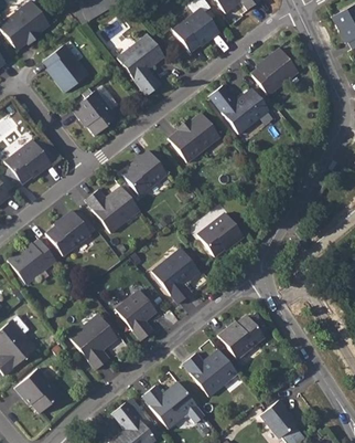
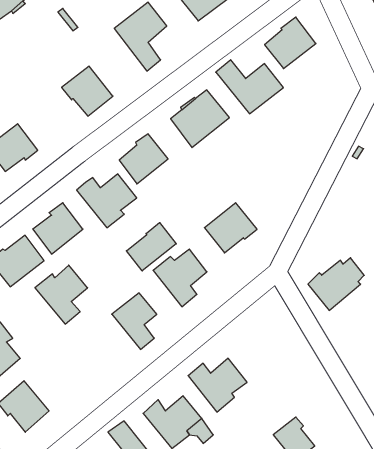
building: [43,44,88,93] -> none
building: none -> [126,223,176,271]
building: [218,312,268,358] -> [308,258,364,310]
building: [71,317,117,369] -> [35,265,88,324]

